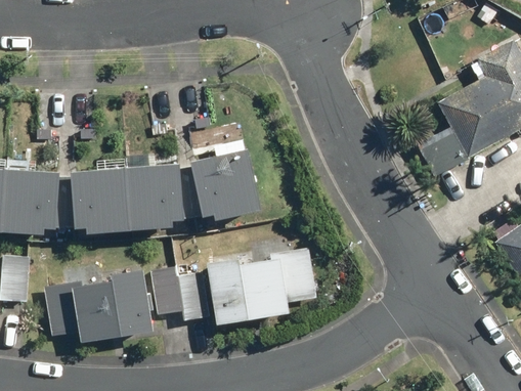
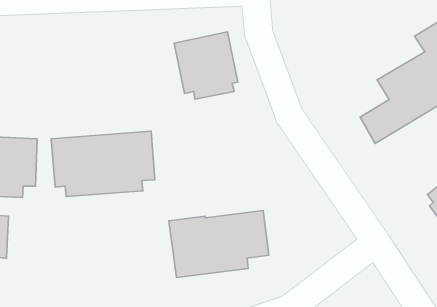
building: [196,147,265,221] -> [174,32,238,99]
building: [44,264,213,344] -> none

